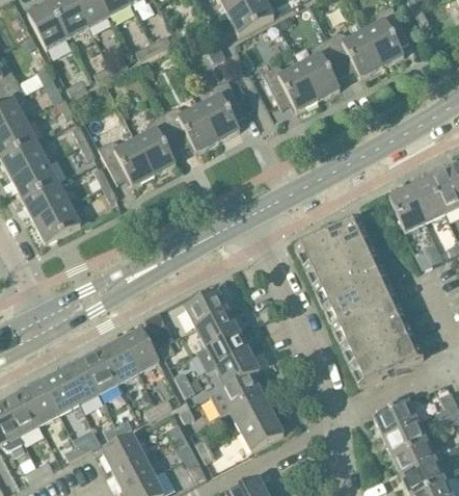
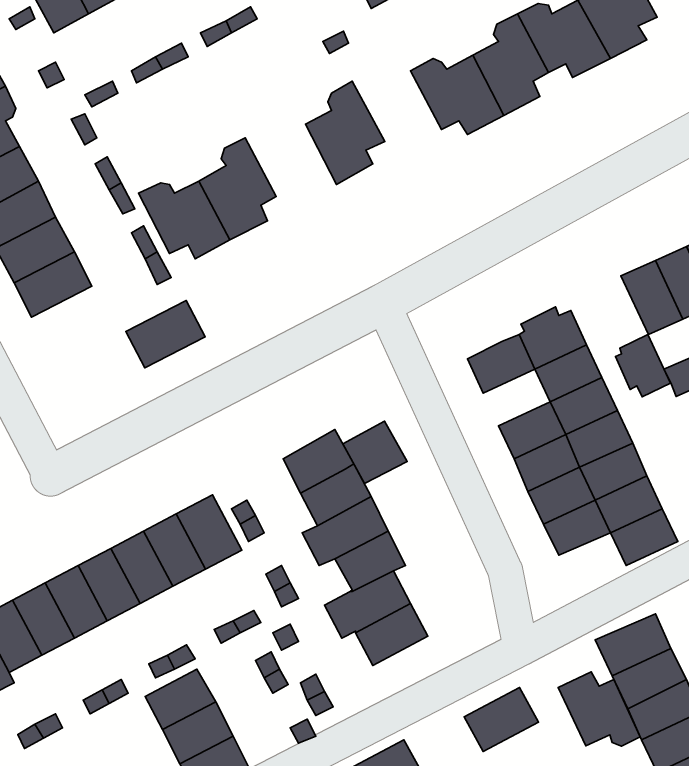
building: [162,104,217,151] -> none
building: [33,202,81,242] -> [126,301,205,368]
building: none -> [616,335,671,397]
building: [305,252,346,286] -> none
building: none -> [343,421,407,484]
building: [351,350,392,385] -> none
building: [239,413,284,451] -> [464,688,538,751]
building: none -> [558,672,640,746]

